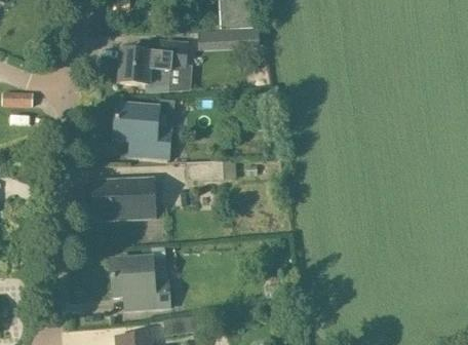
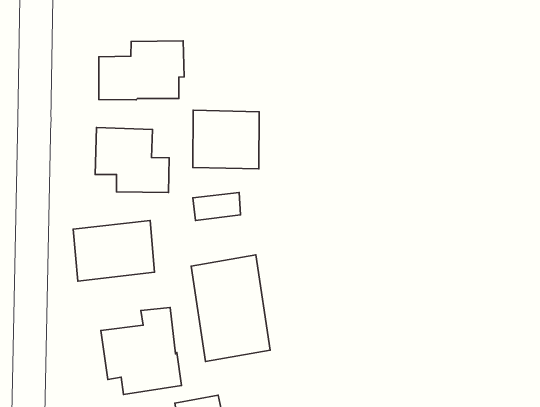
building: none -> [193,110,259,169]
building: none -> [191,255,270,361]

